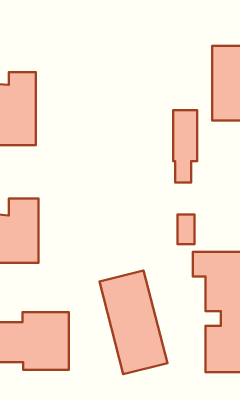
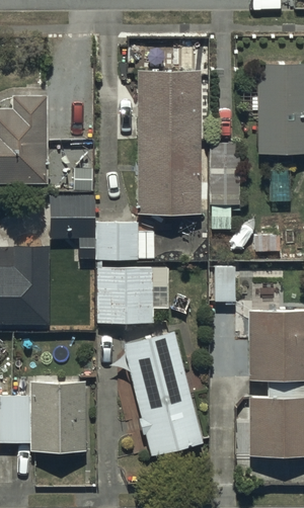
building: none -> [136,72,200,216]
building: none -> [49,195,155,257]
building: none -> [97,269,168,322]

